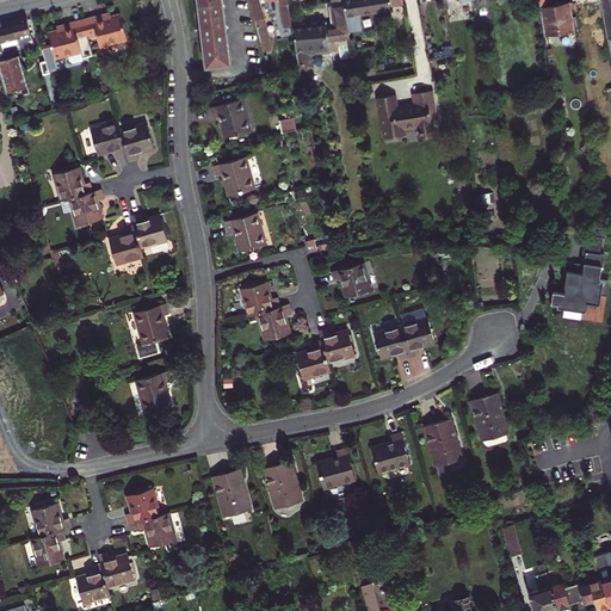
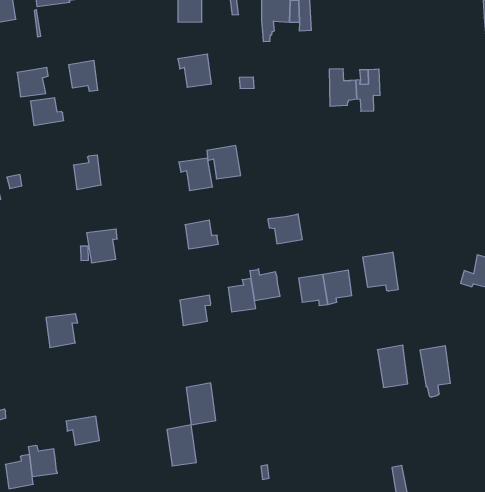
building: [119,123,153,162] -> none
building: [214,158,254,197] -> [207,146,241,179]
building: [68,190,103,226] -> [17,68,48,97]
building: [130,214,166,249] -> none
building: none -> [363,252,398,291]
building: [255,304,290,341] -> [180,295,211,326]
building: [135,372,171,413] -> [46,314,78,347]
building: [422,419,461,477] -> [420,346,450,397]
building: [370,433,409,474] -> none
building: [315,449,354,490] -> none
building: [212,469,249,517] -> [167,425,196,466]
building: [124,489,160,525] -> none

